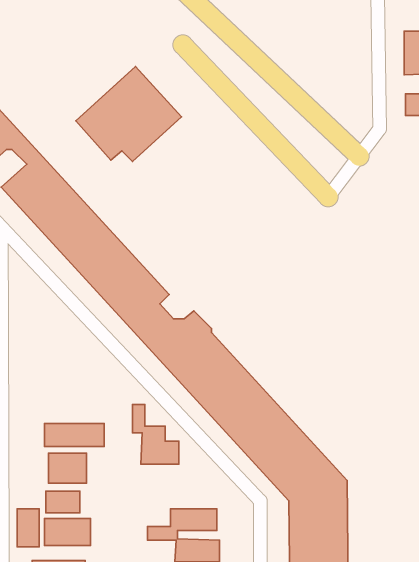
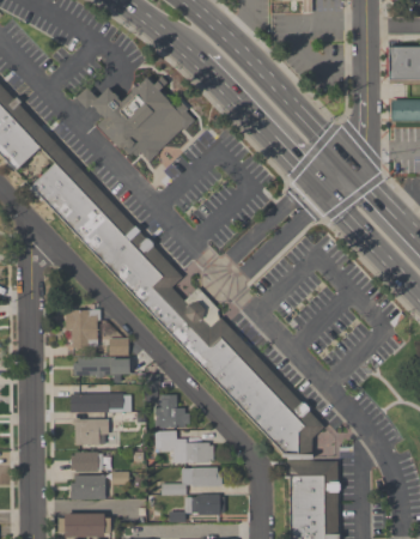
building: none -> [67,310,97,347]
building: none -> [74,339,129,376]
building: none -> [157,431,213,462]
building: [17,509,39,547] -> none

